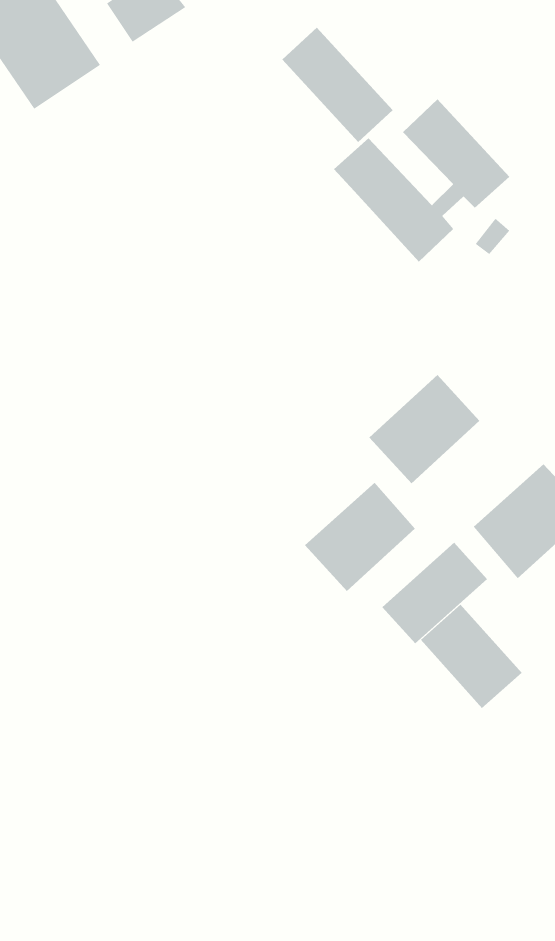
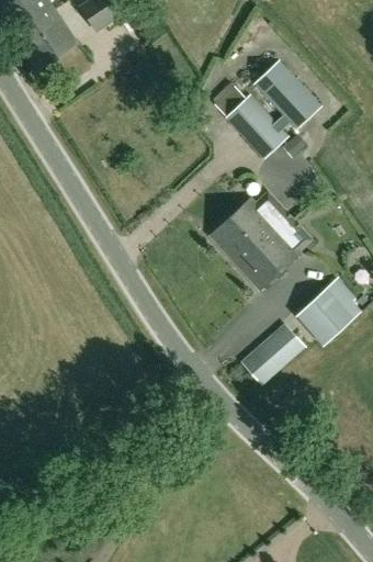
building: [282,27,394,143] -> none
building: [304,482,416,592] -> [210,195,275,260]
building: [420,604,522,709] -> none

